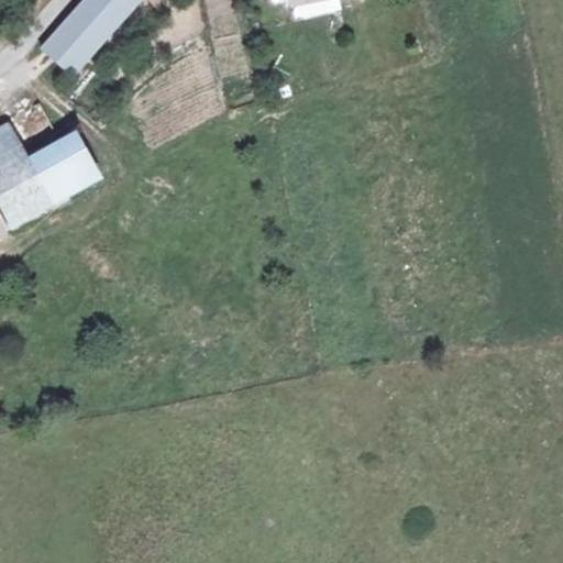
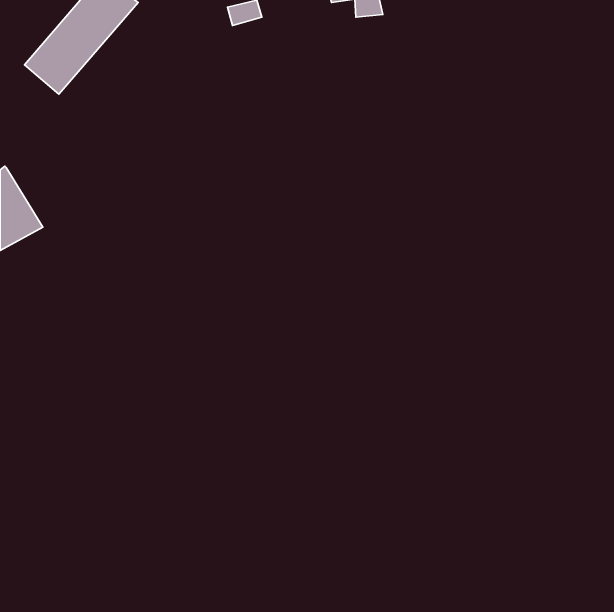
building: [15,128,101,205] -> none

